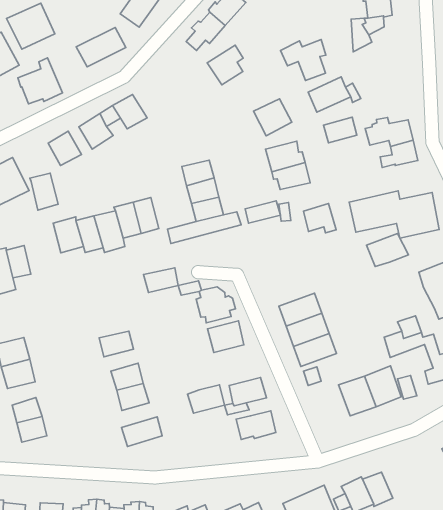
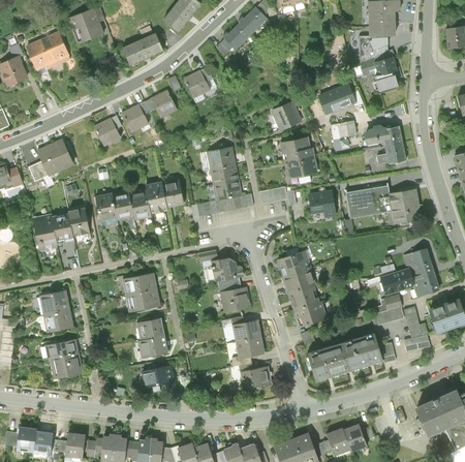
building: [281,40,326,81] -> [359,57,397,91]
building: [207,45,243,85] -> [182,66,213,99]
building: [18,58,62,104] -> none
building: [30,173,58,210] -> [67,206,90,237]
building: [367,234,408,267] -> [379,269,414,296]
building: [144,268,178,292] -> [124,275,153,295]
building: none -> [277,250,313,277]
building: none -> [307,347,337,381]
building: [187,385,224,413] -> [231,319,262,342]

